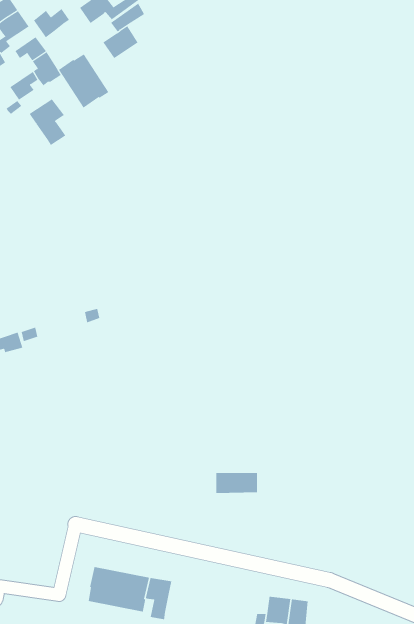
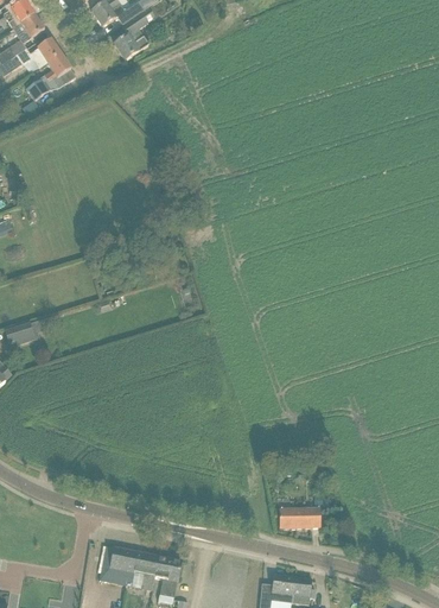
building: [33,8,70,38] -> none
building: [58,53,109,108] -> none
building: [29,98,66,146] -> none
building: [216,473,258,494] -> [279,508,319,528]

